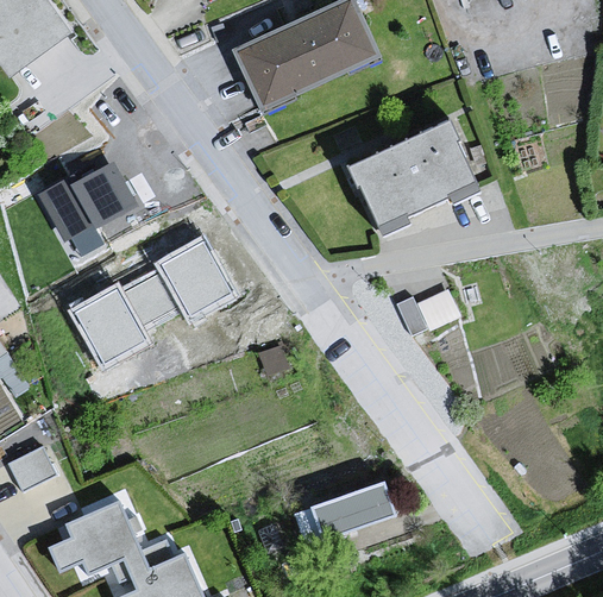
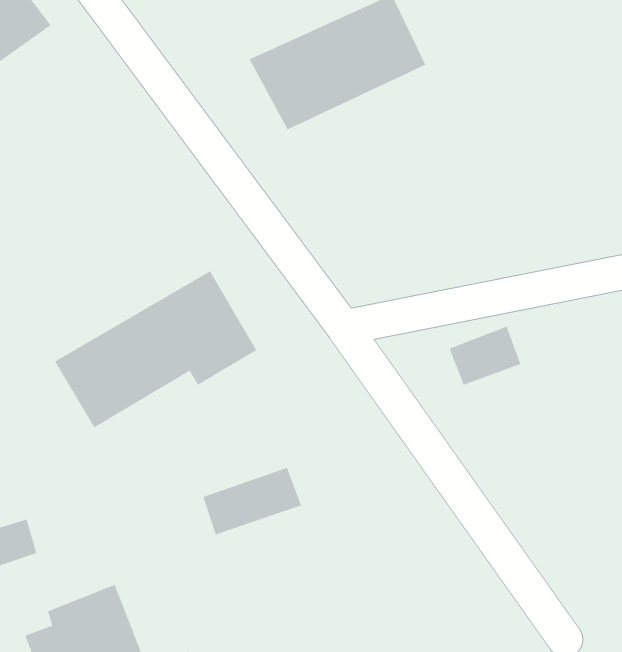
building: [343,120,478,232] -> none
building: [40,155,142,246] -> none
building: [310,482,394,539] -> [202,467,302,535]

